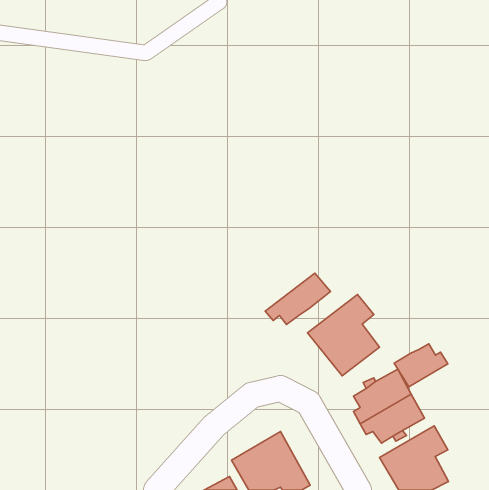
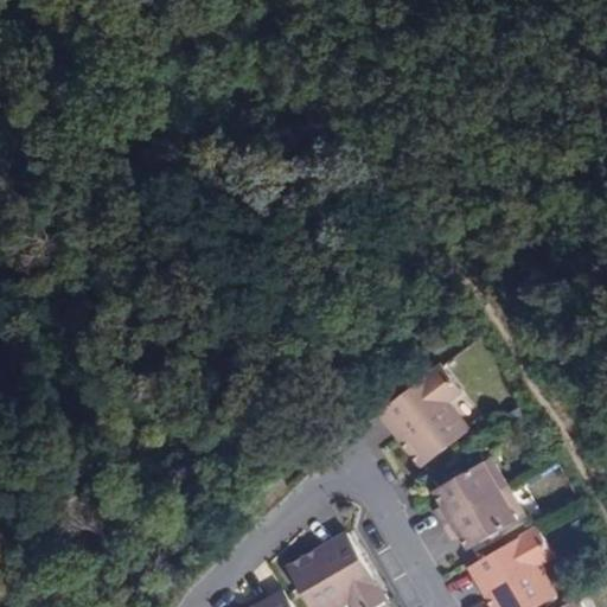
building: [265,273,331,324] -> none
building: [394,344,448,387] -> none

